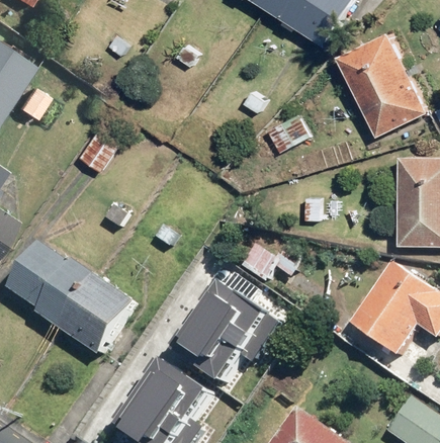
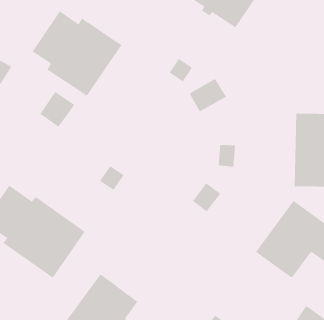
building: none -> [32,11,122,96]
building: [335,31,429,140] -> none
building: [166,264,280,375] -> none

